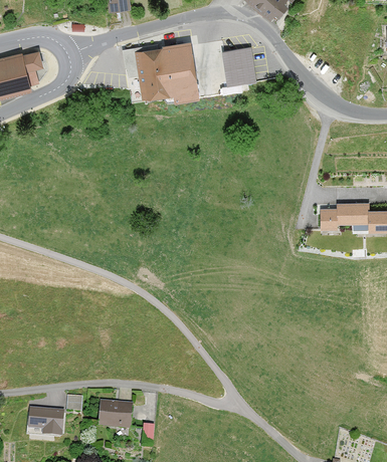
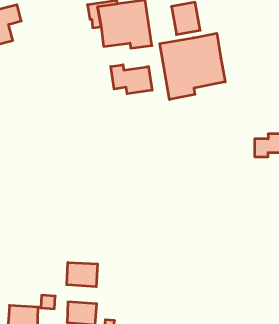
building: none -> [160,33,225,100]
building: none -> [111,65,152,94]
building: none -> [67,262,98,287]

